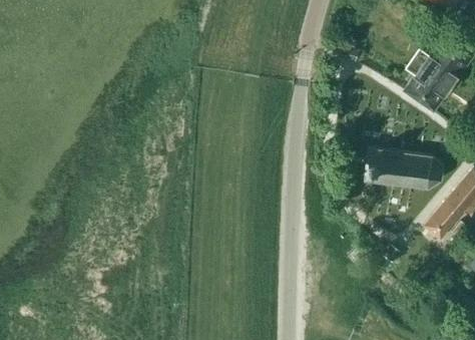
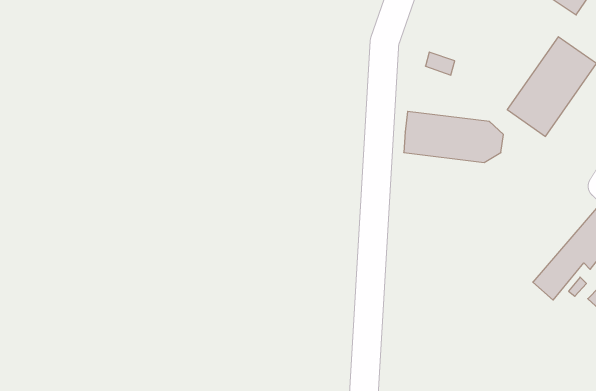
building: [365,147,443,188] -> [404,111,503,163]

